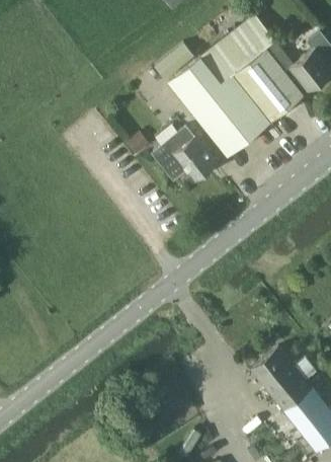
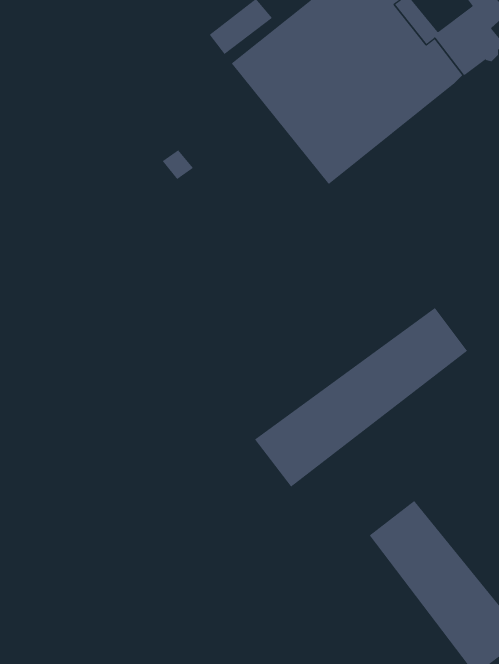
building: [151,128,214,181] -> none
building: none -> [254,307,468,488]

